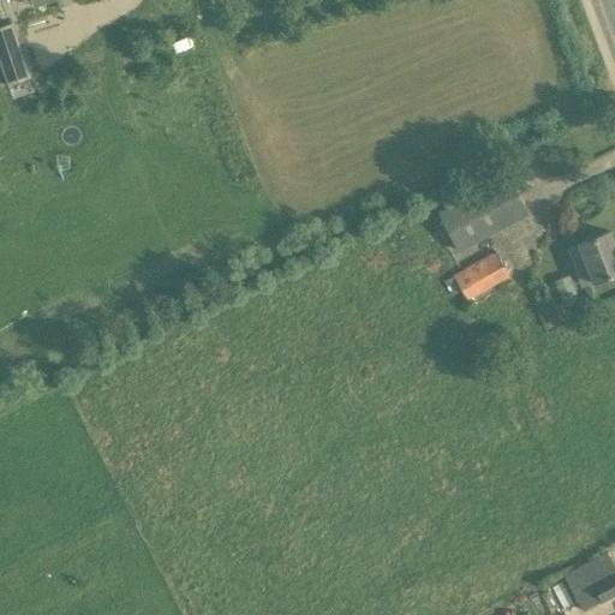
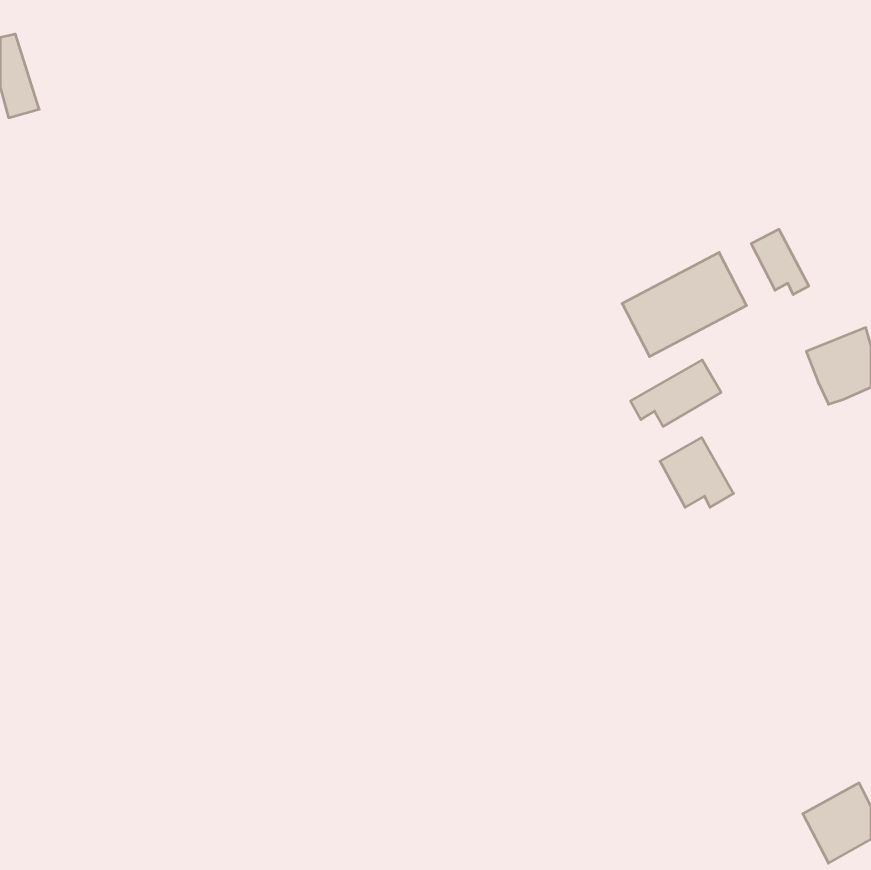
building: none -> [751,229,809,295]
building: none -> [660,438,734,507]

